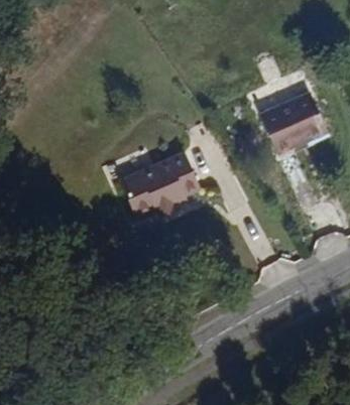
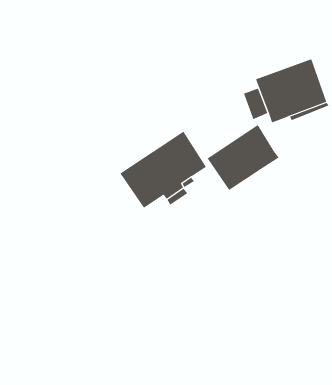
building: none -> [207,124,279,191]

